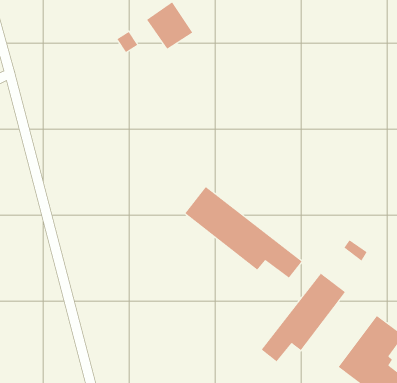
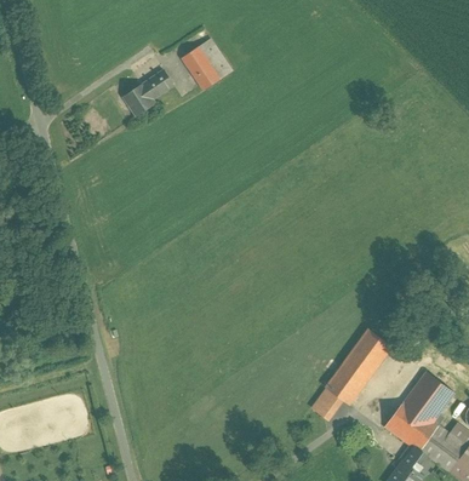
building: none -> [124,80,160,116]
building: [185,186,302,279] -> none

